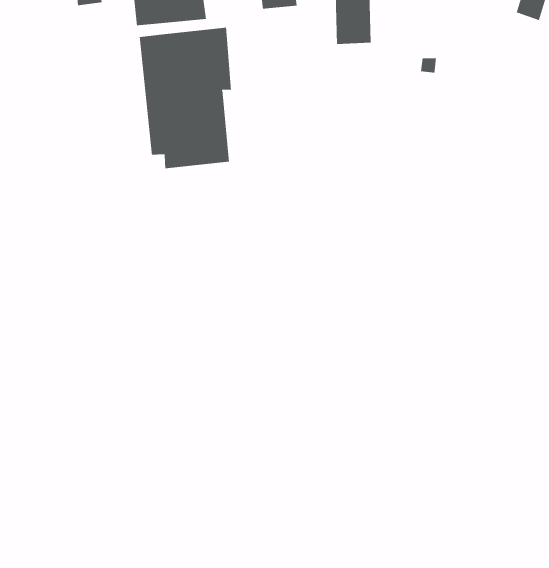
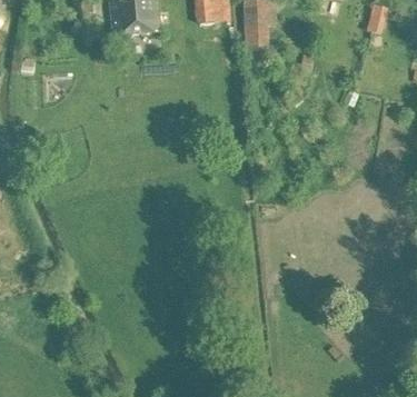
building: [139,27,231,169] -> none

